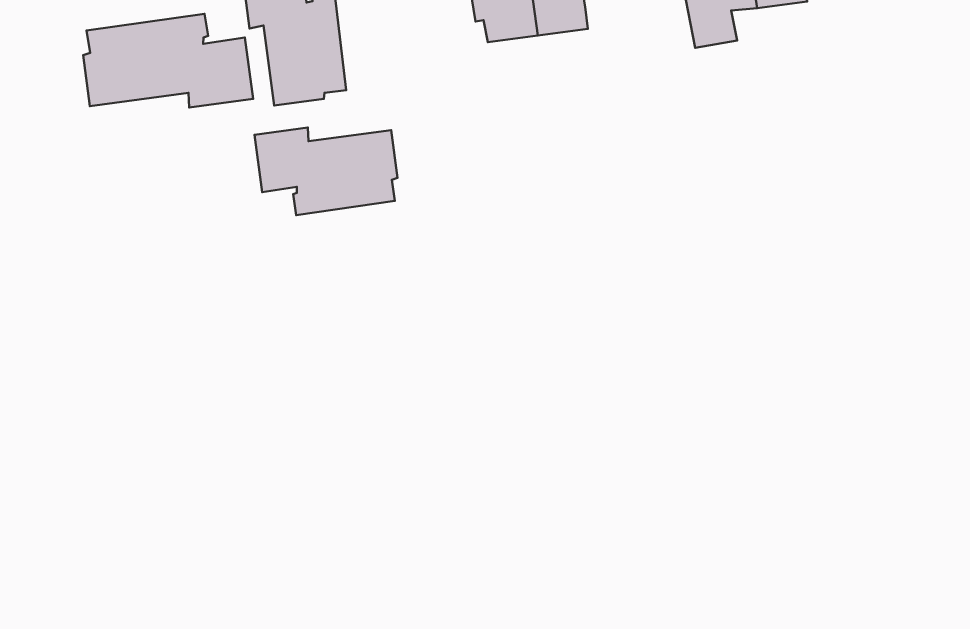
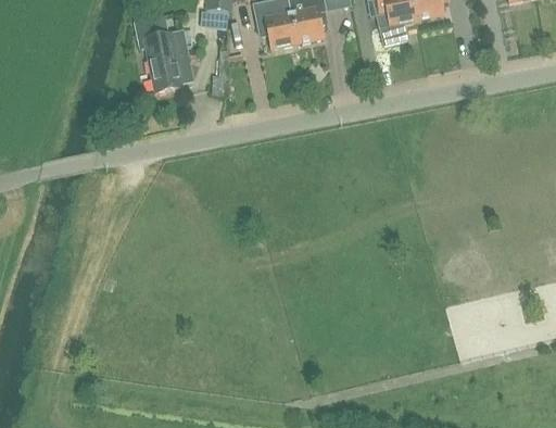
building: [83,14,253,108] -> none
building: [254,127,398,215] -> none

